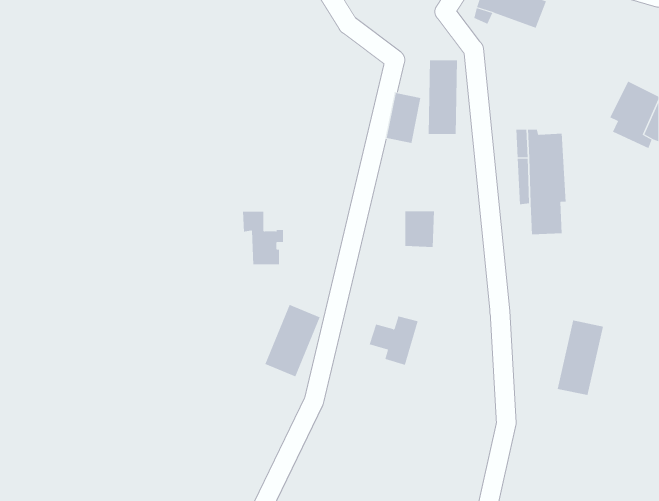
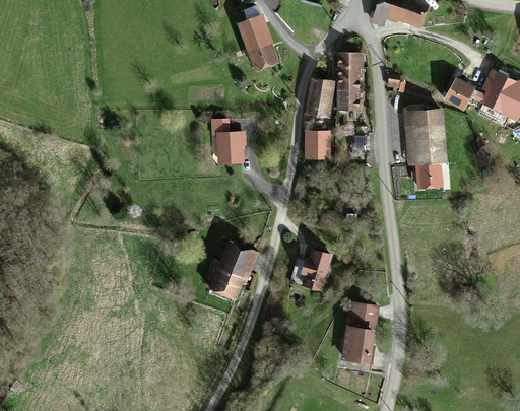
building: none -> [240,15,278,70]
building: none -> [446,79,475,110]
building: [405,211,435,247] -> [306,131,329,159]
building: [242,211,284,265] -> [211,119,244,160]
building: [557,320,604,396] -> [342,303,379,362]

